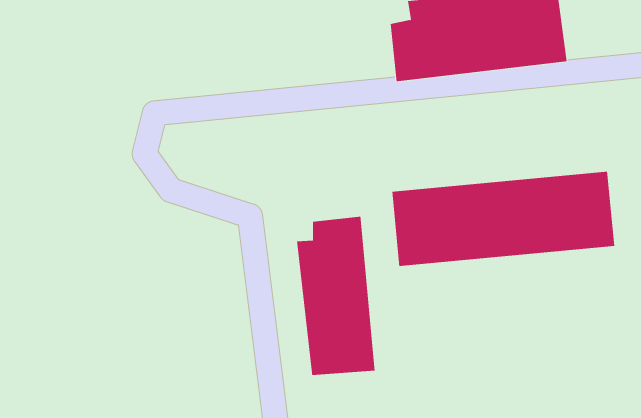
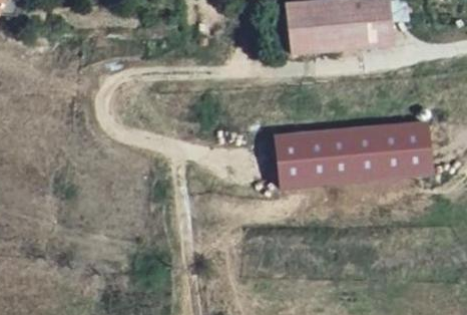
building: [297,216,375,376] -> none

